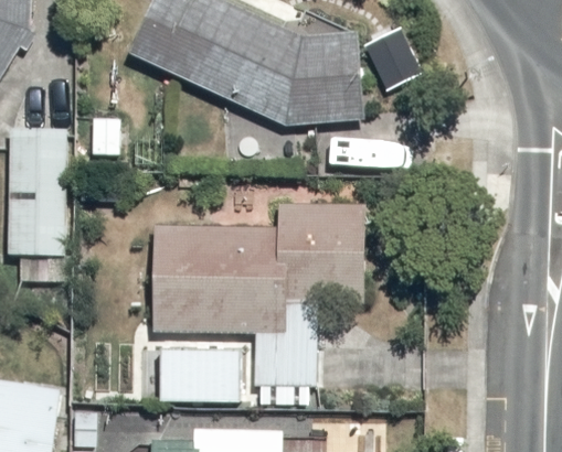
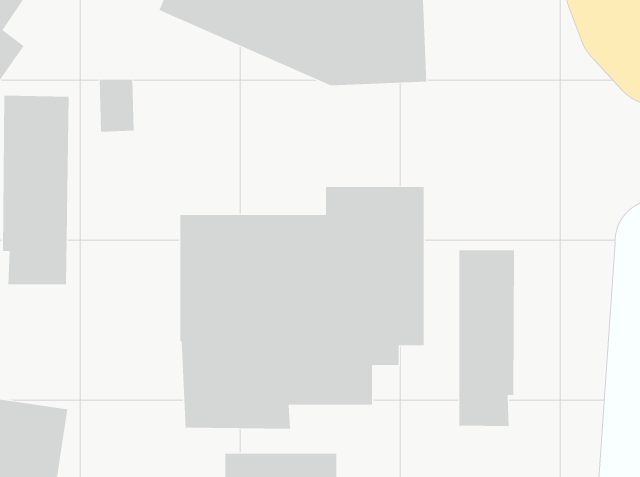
building: none -> [459,250,515,427]

